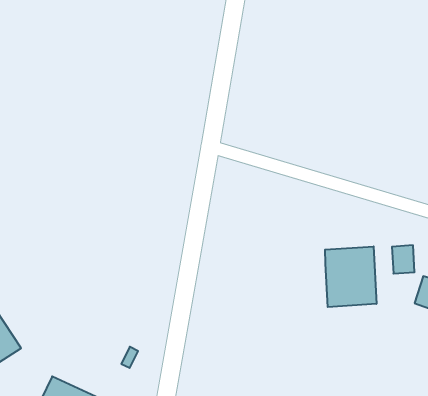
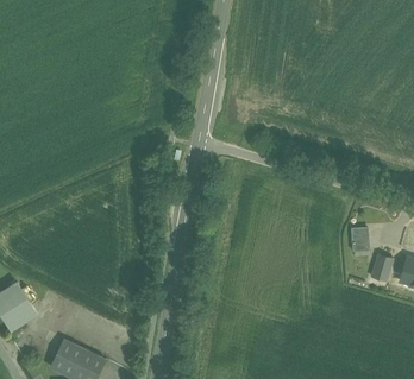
building: [325,246,376,307] -> none

